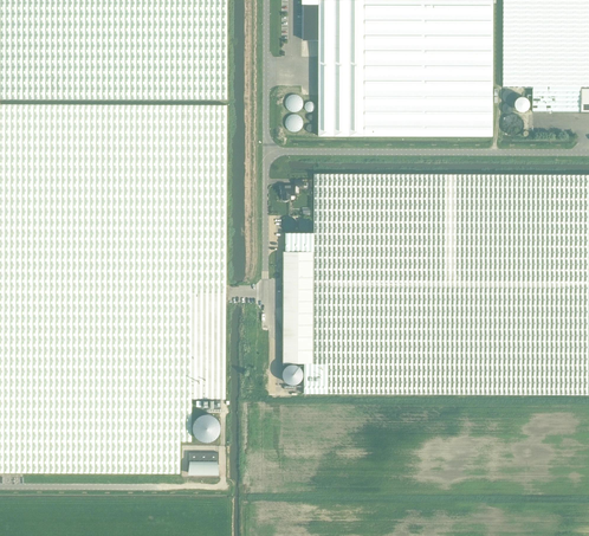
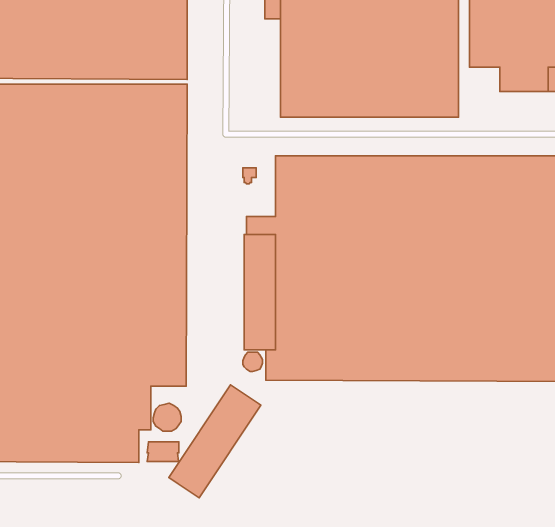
building: none -> [169,385,261,498]

